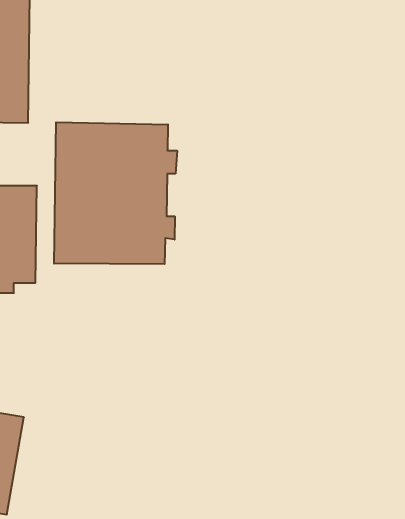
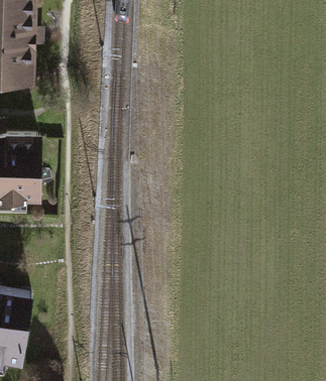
building: [54,122,177,264] -> none

